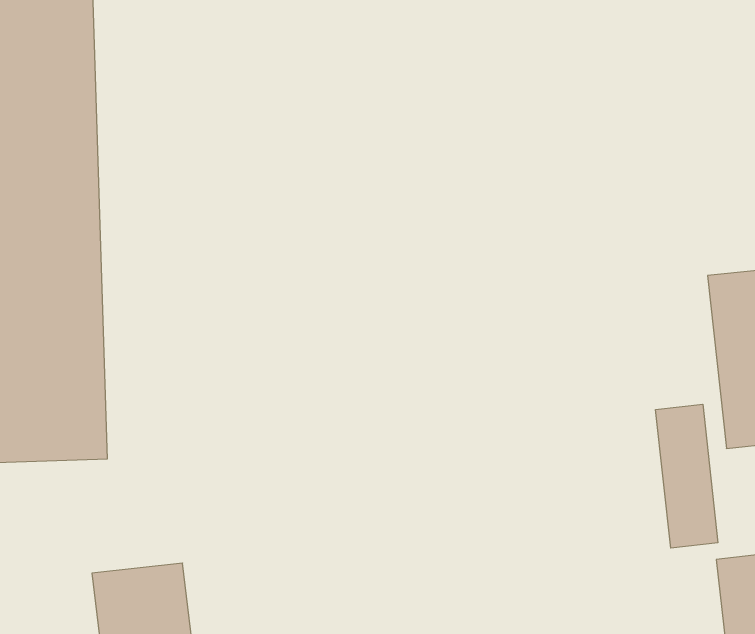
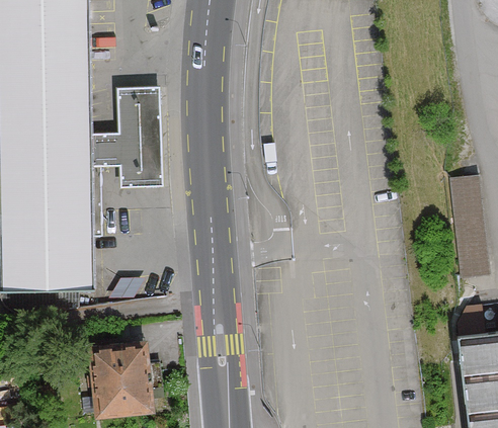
building: none -> [86,85,162,185]
building: [656,404,718,548] -> none

